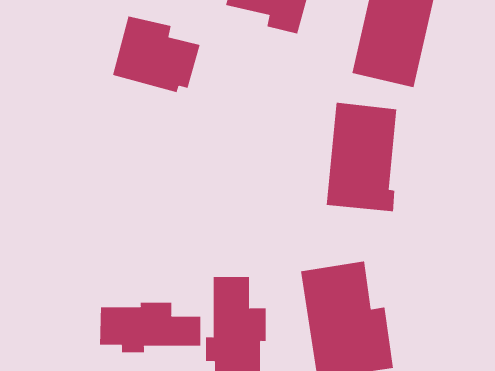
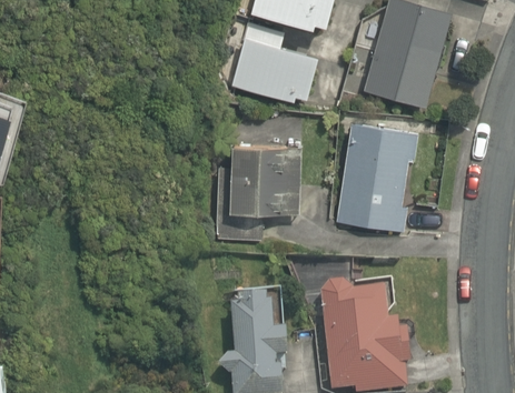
building: [112,16,200,93] -> [227,23,315,100]
building: none -> [225,141,306,244]
building: [100,302,201,353] -> none

